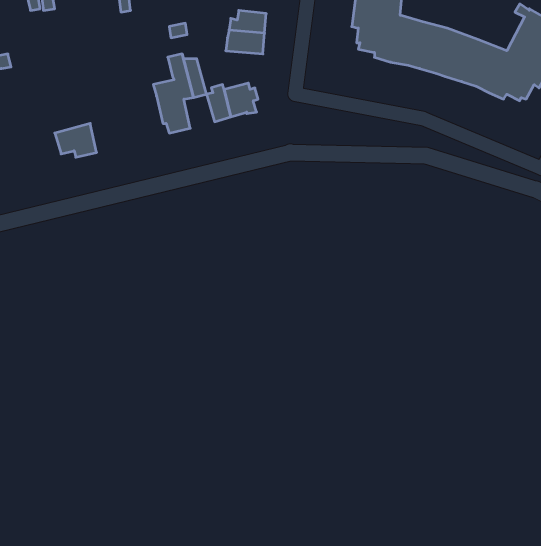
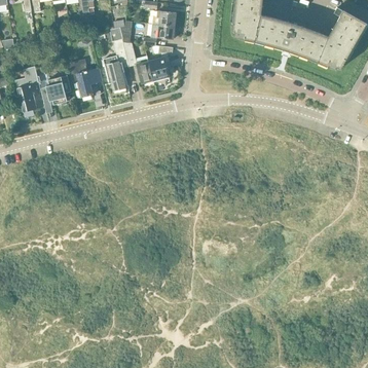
building: none -> [69,59,103,96]
building: none -> [19,76,41,111]

